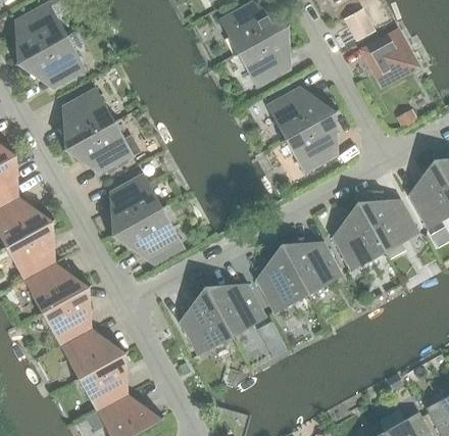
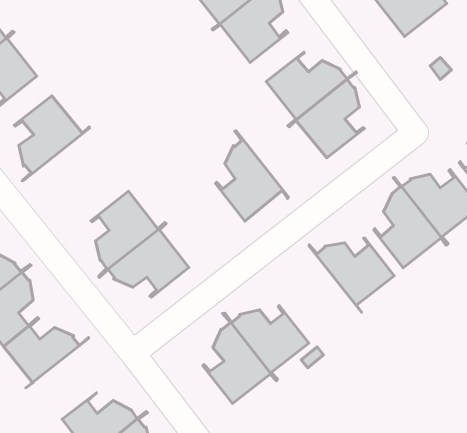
building: [61,118,133,175] -> none
building: [255,241,311,313] -> [215,131,289,221]
building: [36,285,92,345] -> none

